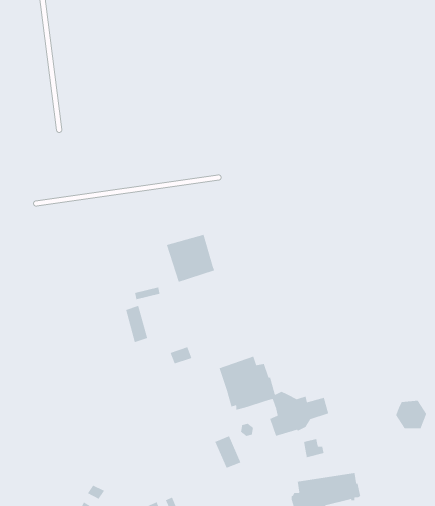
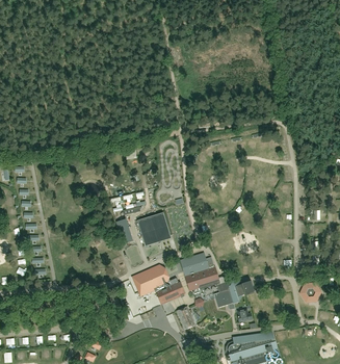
building: [166,234,215,283] -> [137,213,171,246]
building: none -> [131,264,182,303]

